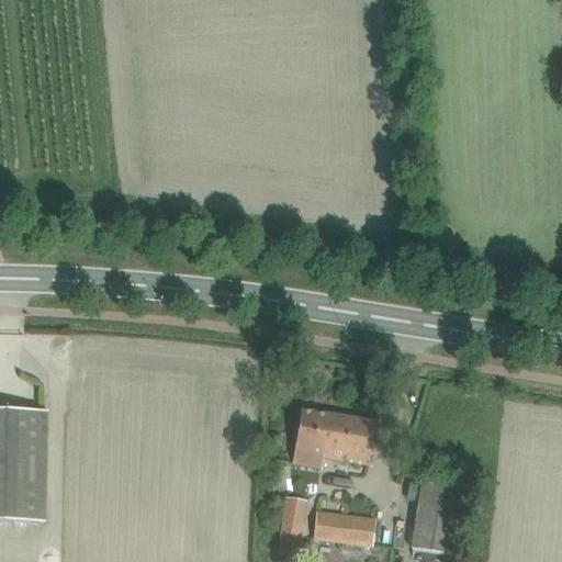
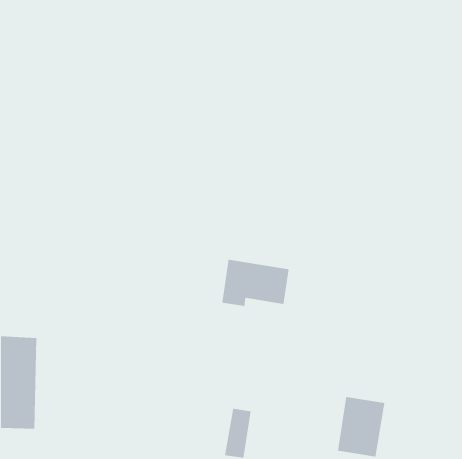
building: [292,408,374,465] -> [222,259,289,306]
building: [312,509,373,544] -> none

